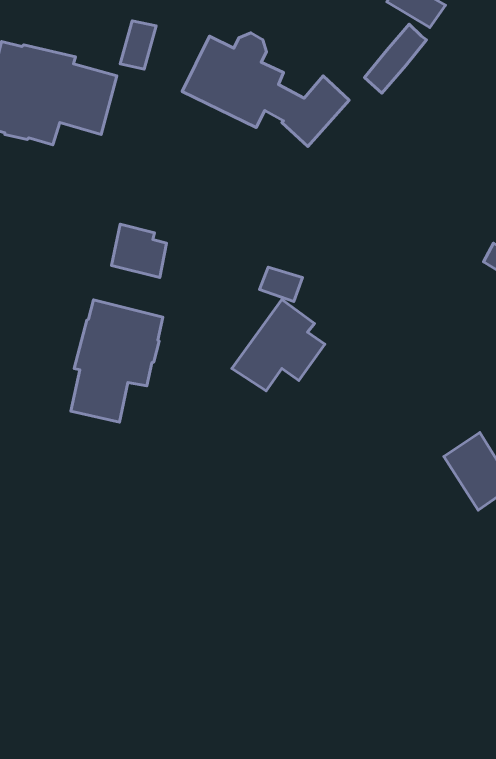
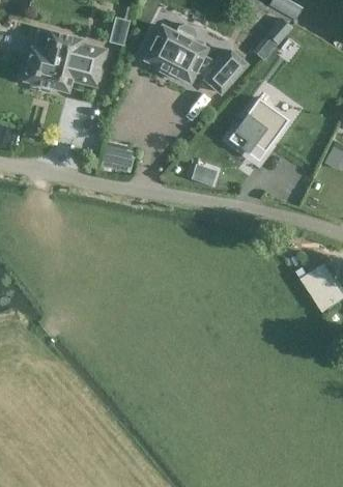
building: [232,299,325,391] -> [228,97,284,152]
building: [71,300,163,422] -> none

